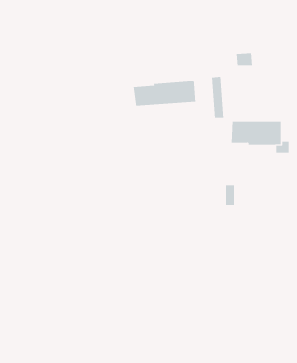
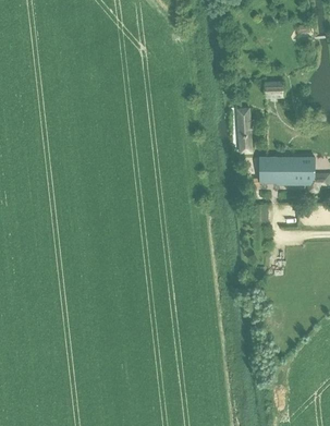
building: [133,80,196,106] -> none

